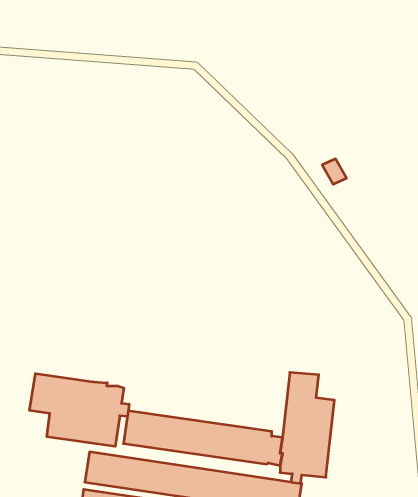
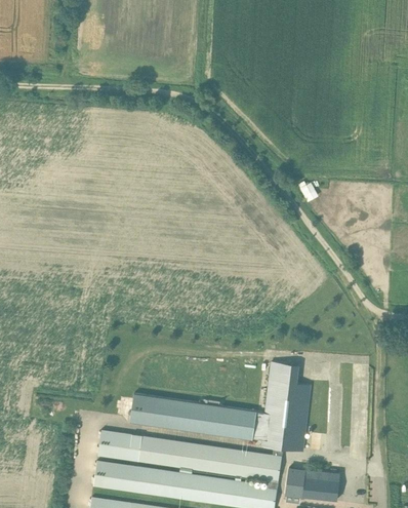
building: [30,374,129,446] -> none

